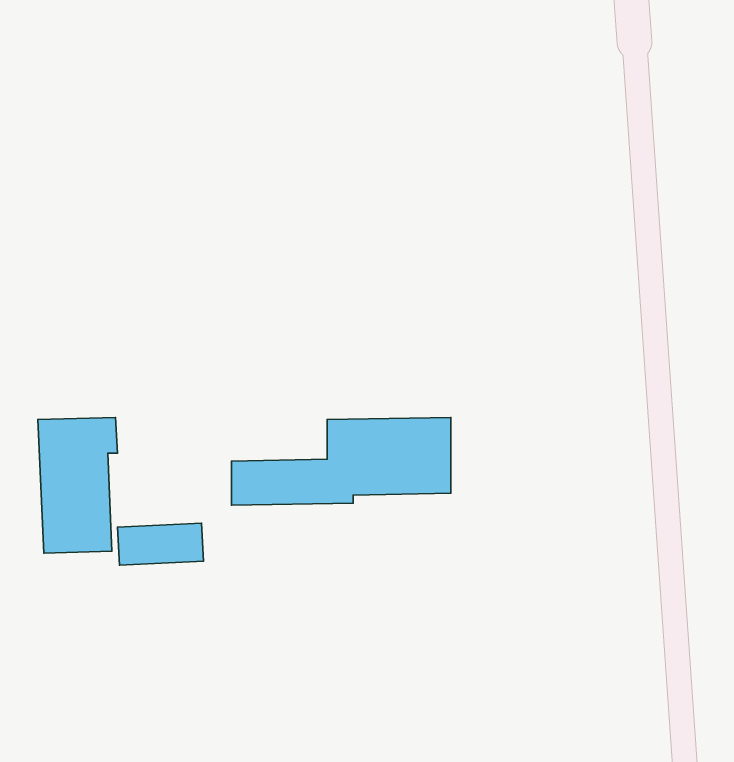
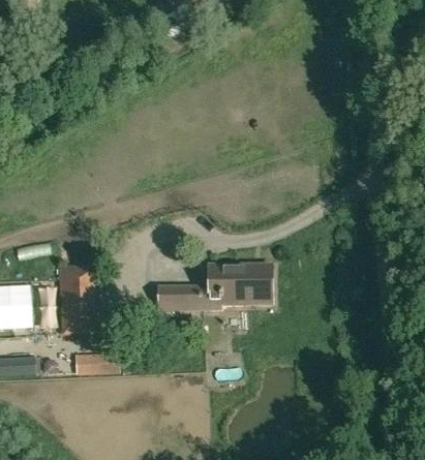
building: [118,523,203,565] -> [73,351,118,373]

